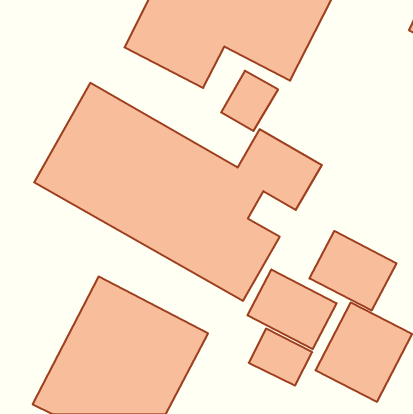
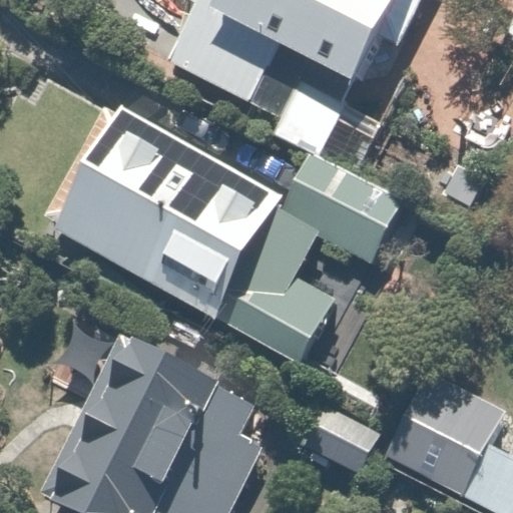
building: [309,231,396,311] -> none
building: [247,269,337,349] -> none

